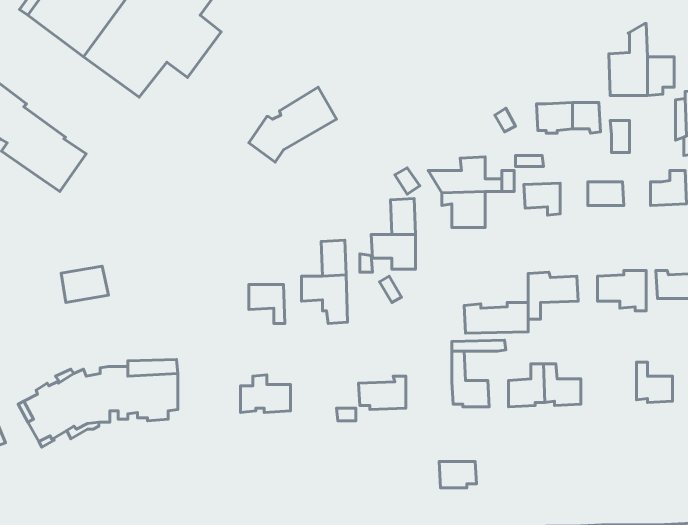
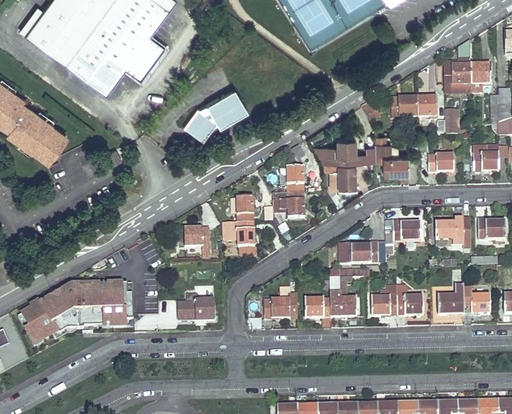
building: [61,266,108,302] -> none
building: none -> [437,284,463,314]
building: [439,461,477,488] -> [304,298,331,317]

